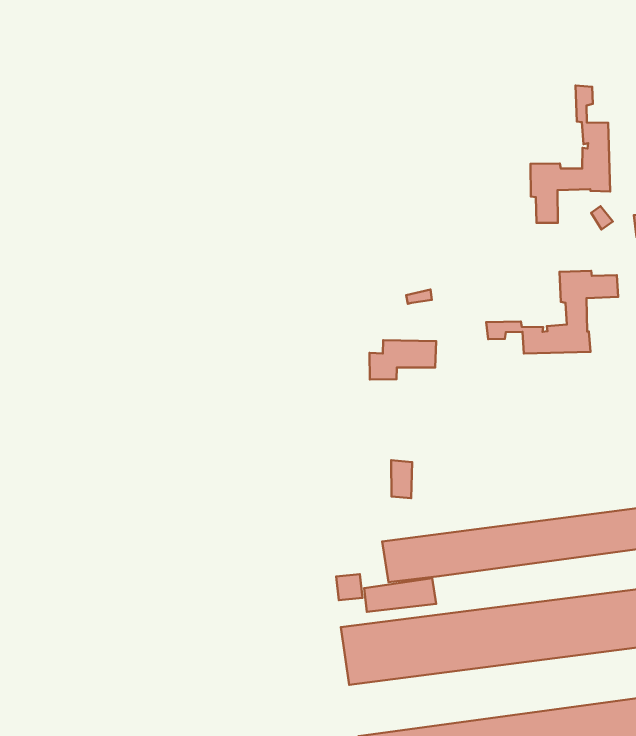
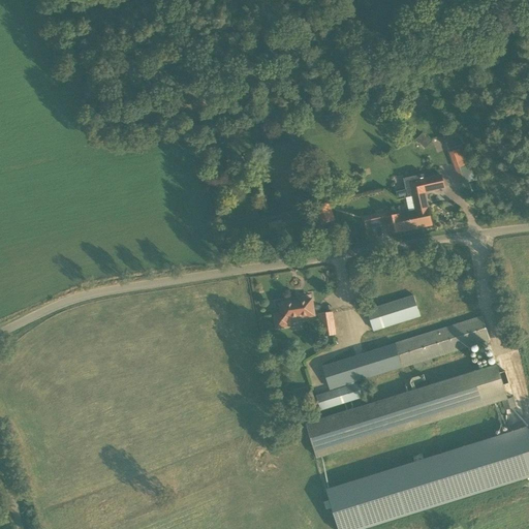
building: [530,86,610,223] -> none
building: [370,340,436,379] -> [272,298,314,329]
building: none -> [366,294,419,331]

